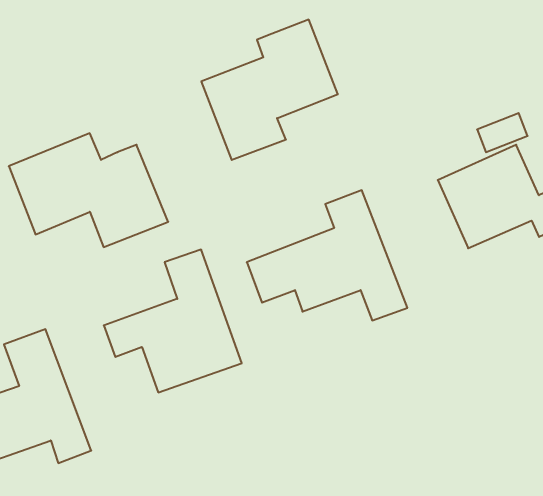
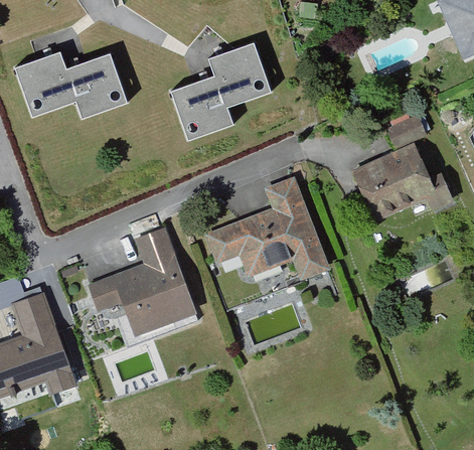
building: [9,133,168,247] -> [12,44,139,135]

